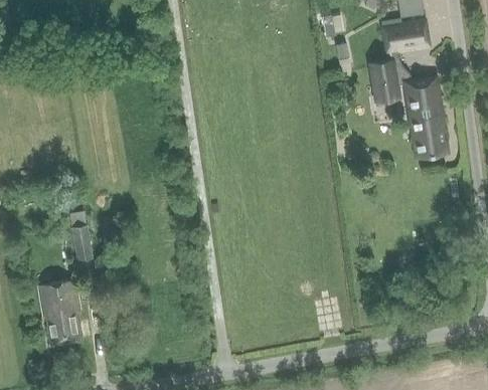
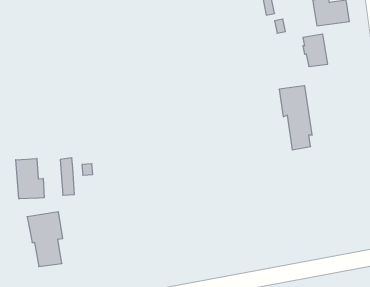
building: [404,82,445,160] -> [279,86,312,150]
building: none -> [16,158,44,199]

